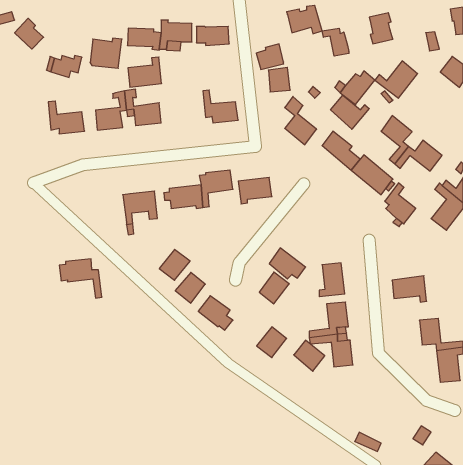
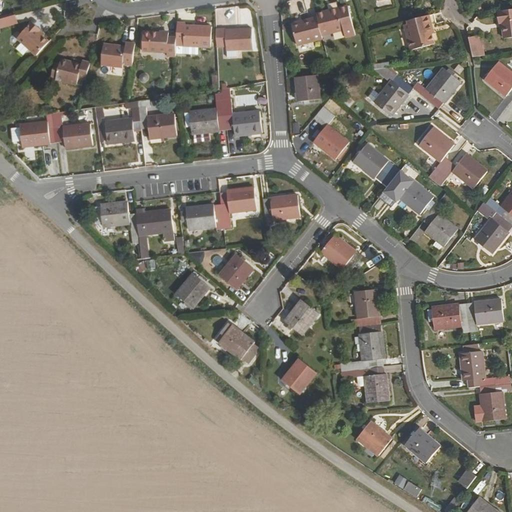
building: [322,28,349,56] -> none
building: [256,44,284,69] -> [291,16,321,44]
building: [128,57,162,87] -> [189,100,226,133]
building: [331,95,369,129] -> none
building: none -> [20,112,56,146]
building: [269,248,306,279] -> [321,235,361,269]
building: [59,259,102,298] -> [92,202,139,245]
building: none -> [466,299,503,331]
building: [175,272,205,303] -> [219,255,252,289]
building: [294,340,325,371] -> [357,422,391,456]
building: none -> [405,428,439,462]

